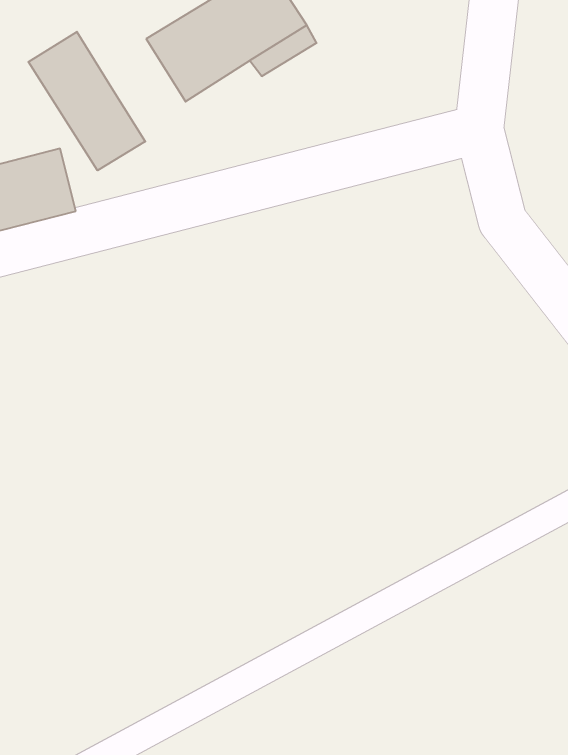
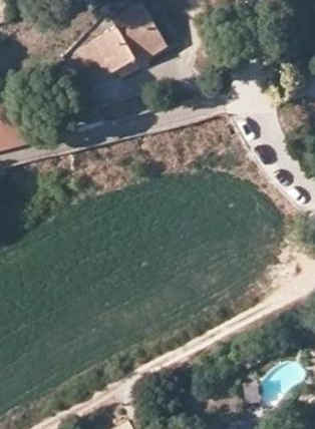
building: [28,32,145,170] -> none

